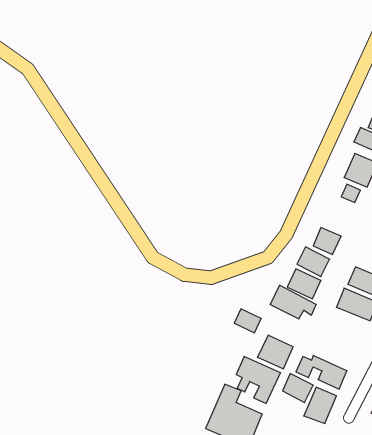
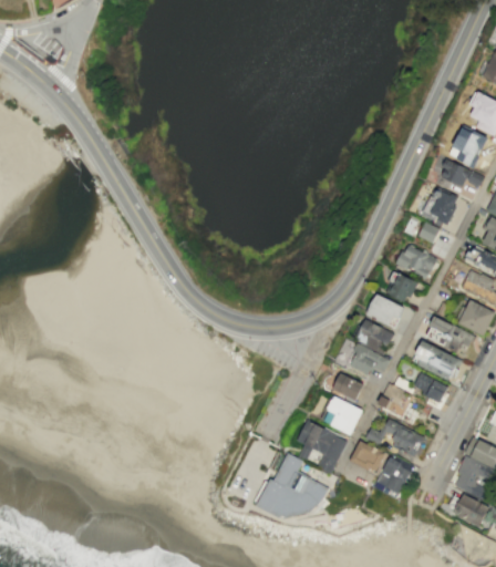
building: none -> [396,244,436,278]
building: [234,309,261,333] -> [332,372,363,400]
building: none -> [412,372,448,402]
building: none -> [378,383,405,415]

